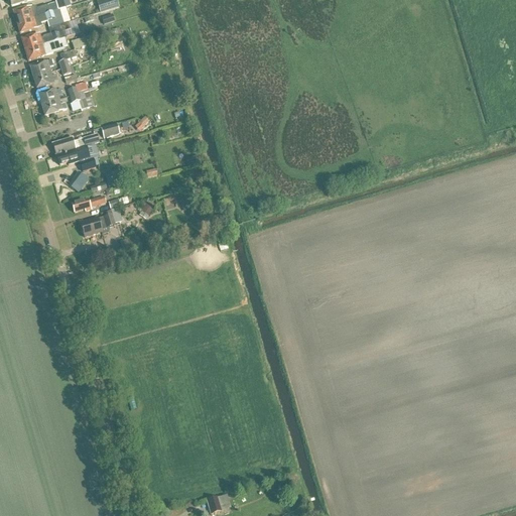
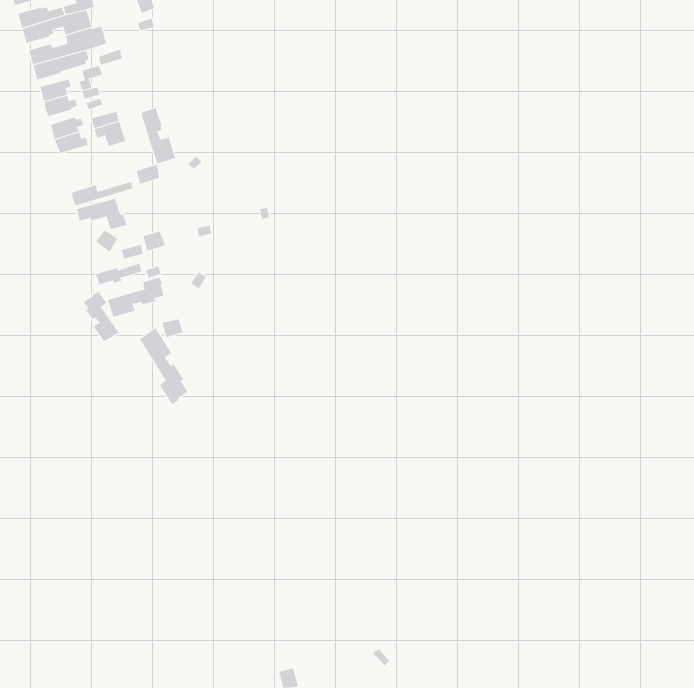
building: none -> [141,107,176,164]
building: none -> [83,291,120,342]
building: none -> [139,328,188,405]

